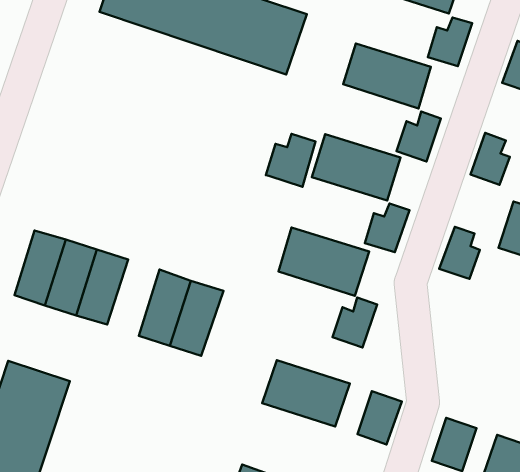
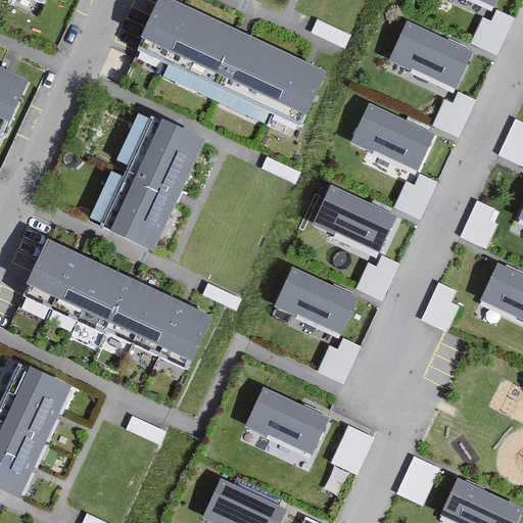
building: none -> [98,115,203,251]
building: [266,134,316,187] -> none
building: none -> [112,280,165,350]

